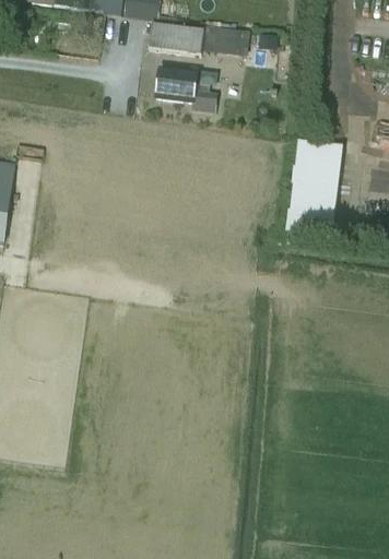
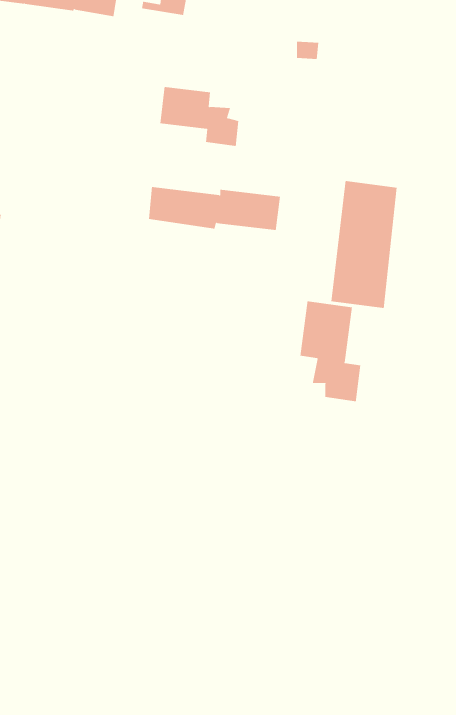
building: [148,22,249,56] -> [148,186,281,230]
building: none -> [300,301,361,402]

